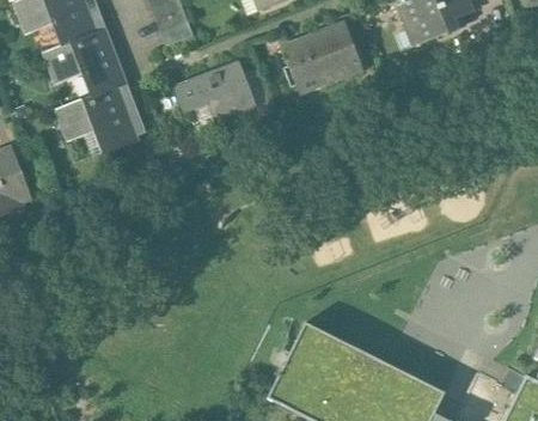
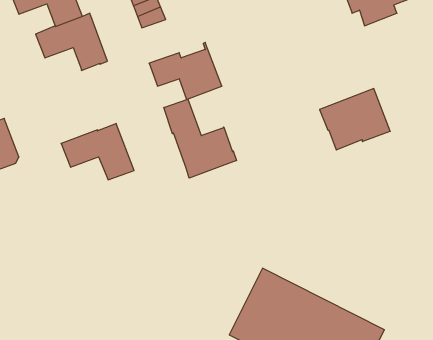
building: [283,23,365,93] -> [320,89,390,150]
building: [57,87,141,152] -> [61,124,134,180]
building: none -> [164,99,236,178]

